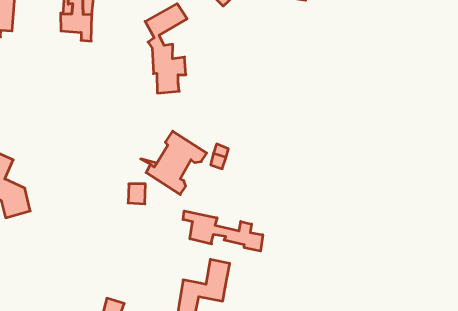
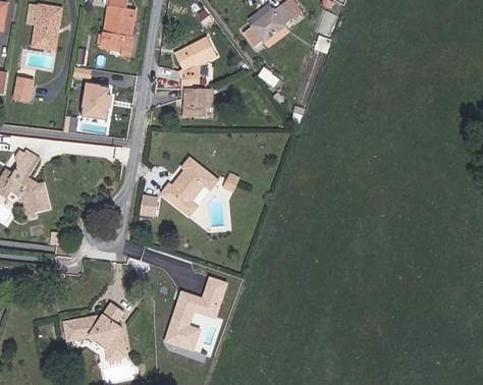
building: none -> [79,81,112,120]
building: [183,211,263,251] -> none

